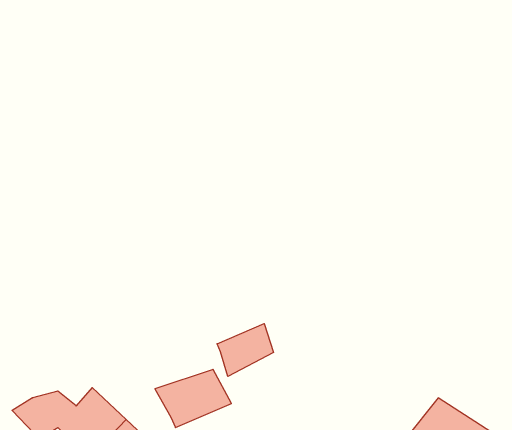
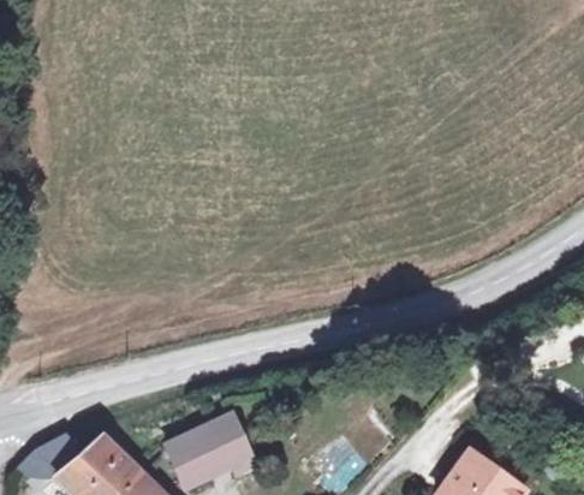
building: [217,324,274,376] -> none

